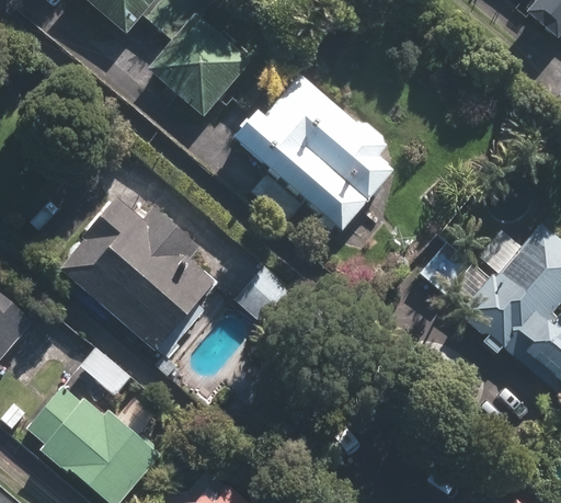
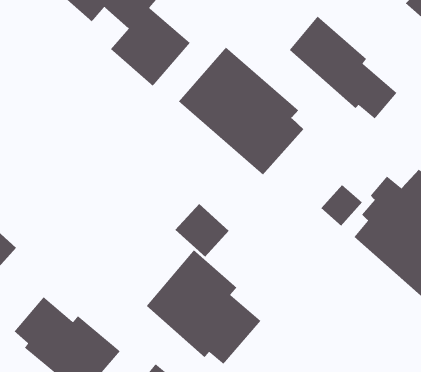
building: none -> [289,16,397,120]
building: [59,196,221,362] -> none
building: none -> [146,249,261,365]

